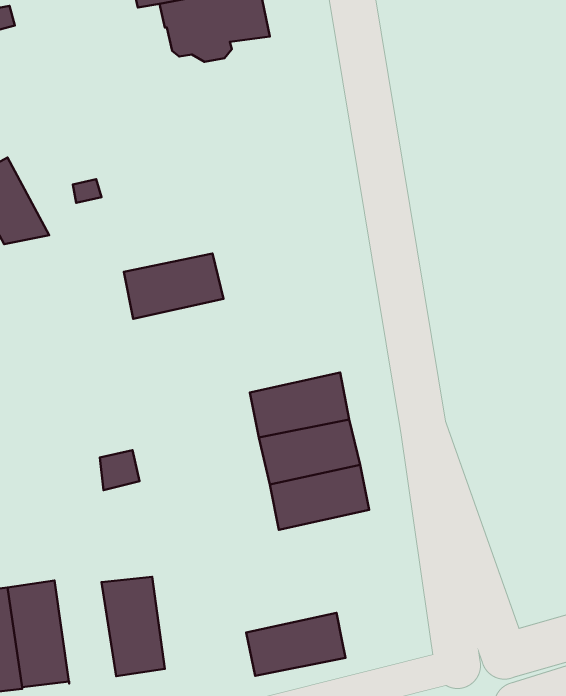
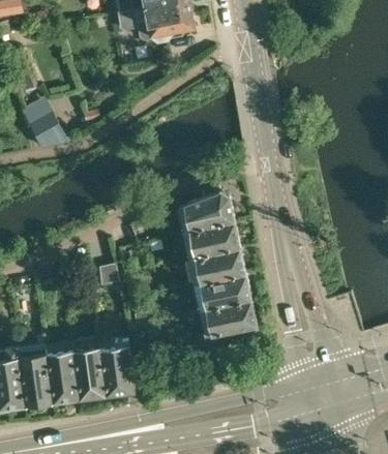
building: [124,254,223,319] -> [177,196,234,234]
building: none -> [70,338,106,400]
building: [246,613,346,676] -> [199,301,256,337]

